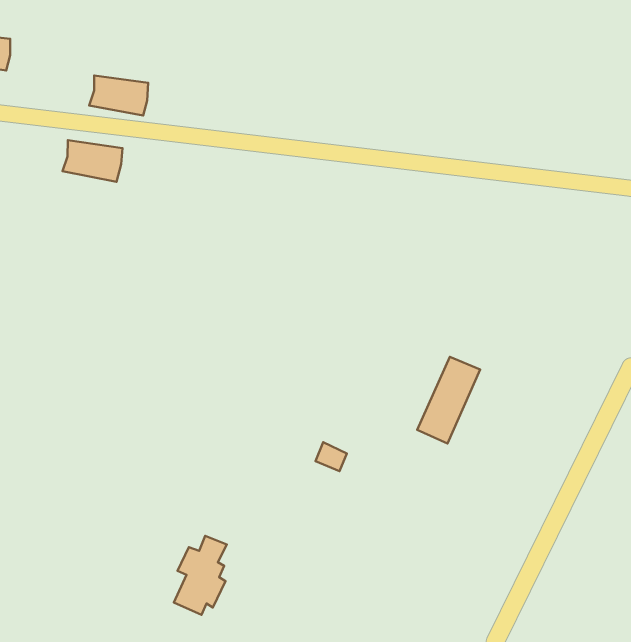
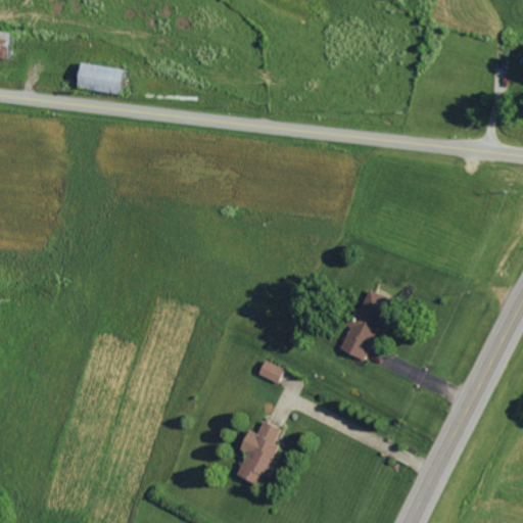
building: [63,140,123,182] -> none
building: [174,536,227,615] -> [236,421,279,485]

